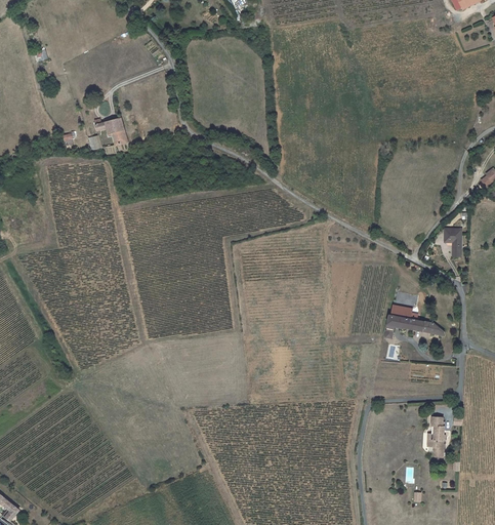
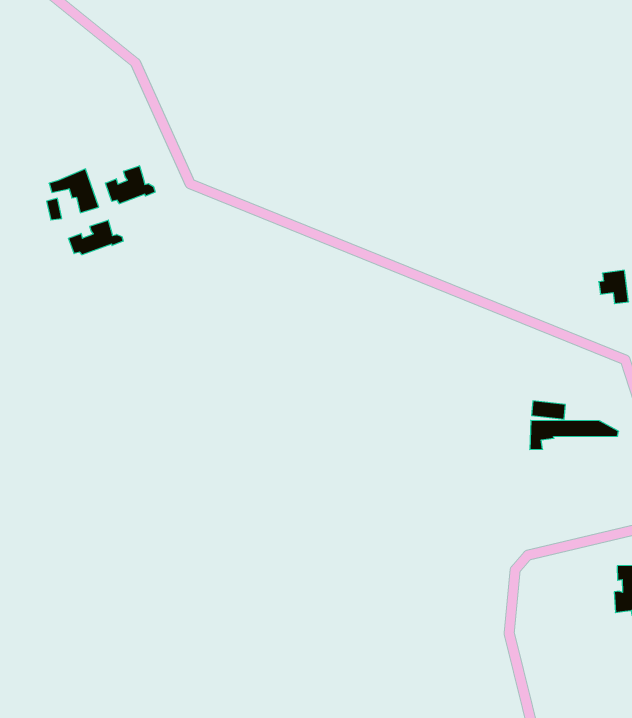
building: none -> [105,166,155,204]
building: none -> [68,220,123,255]

